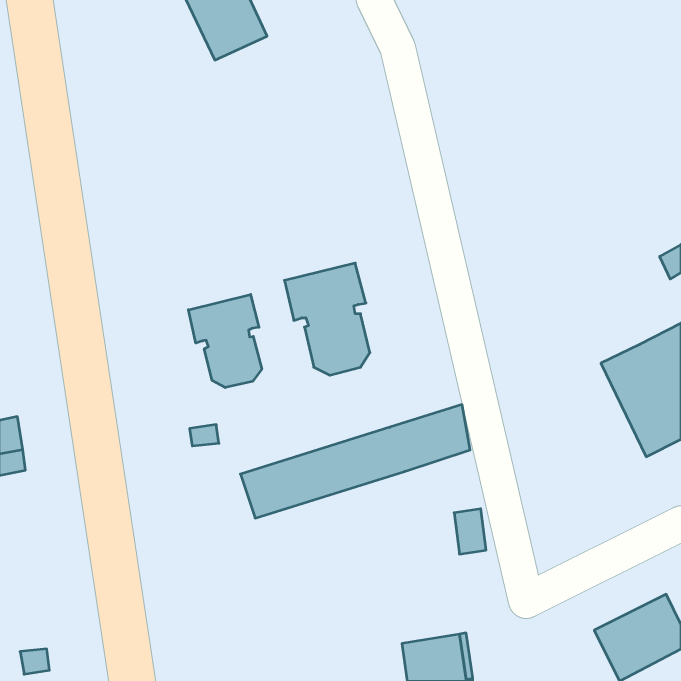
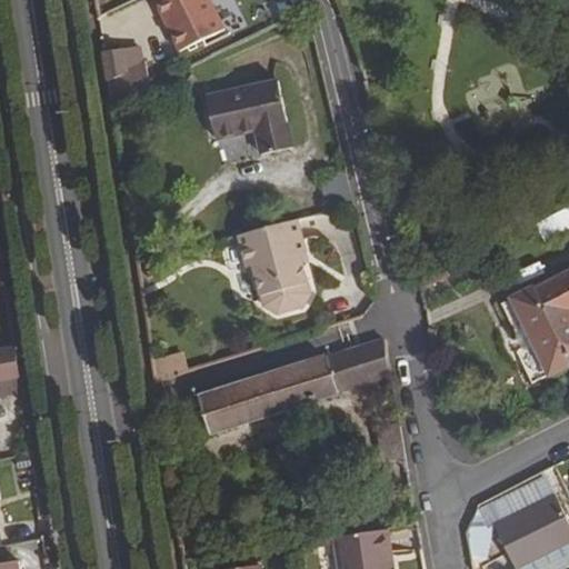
building: none -> [101,49,149,104]
building: none -> [206,79,292,153]
building: [188,294,262,388] -> none

